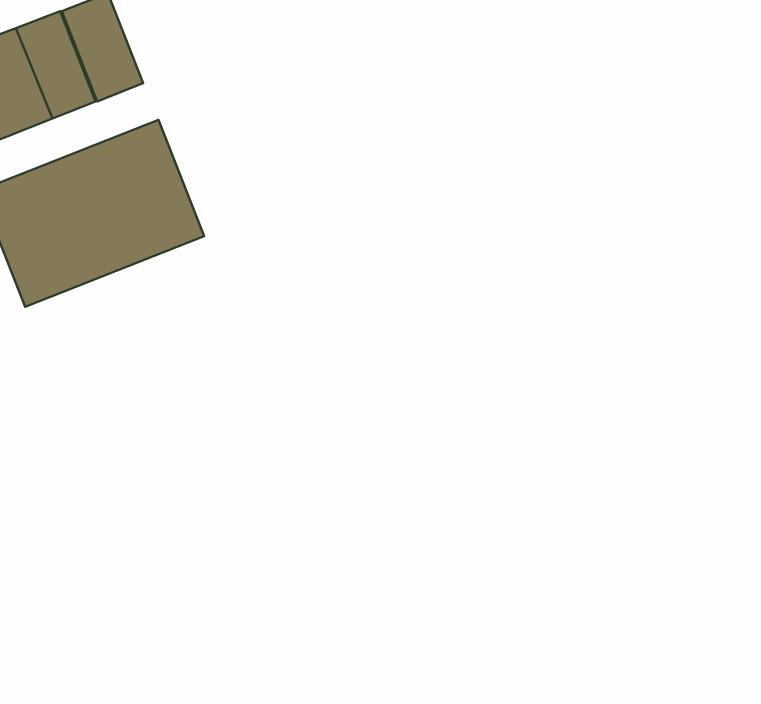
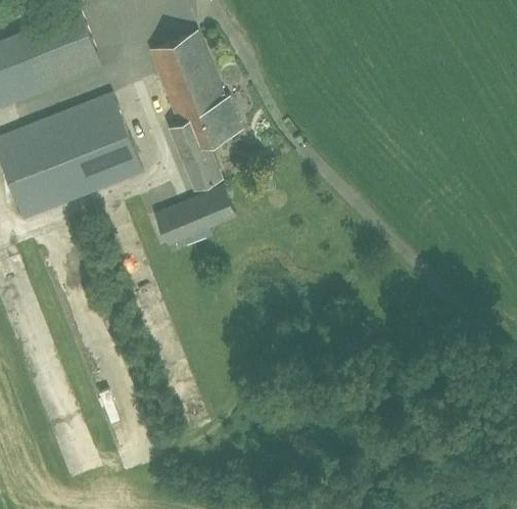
building: none -> [150,34,242,191]
building: none -> [155,188,236,246]

